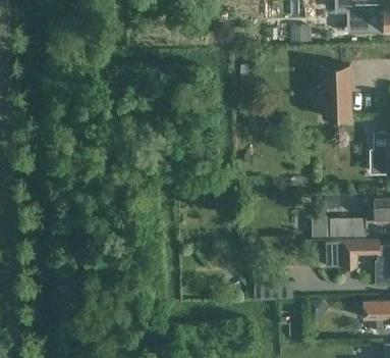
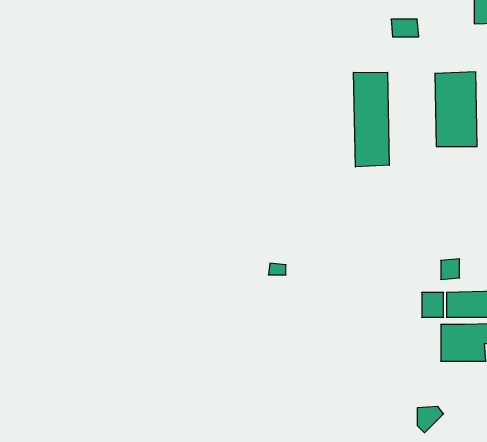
building: none -> [354,72,389,167]

